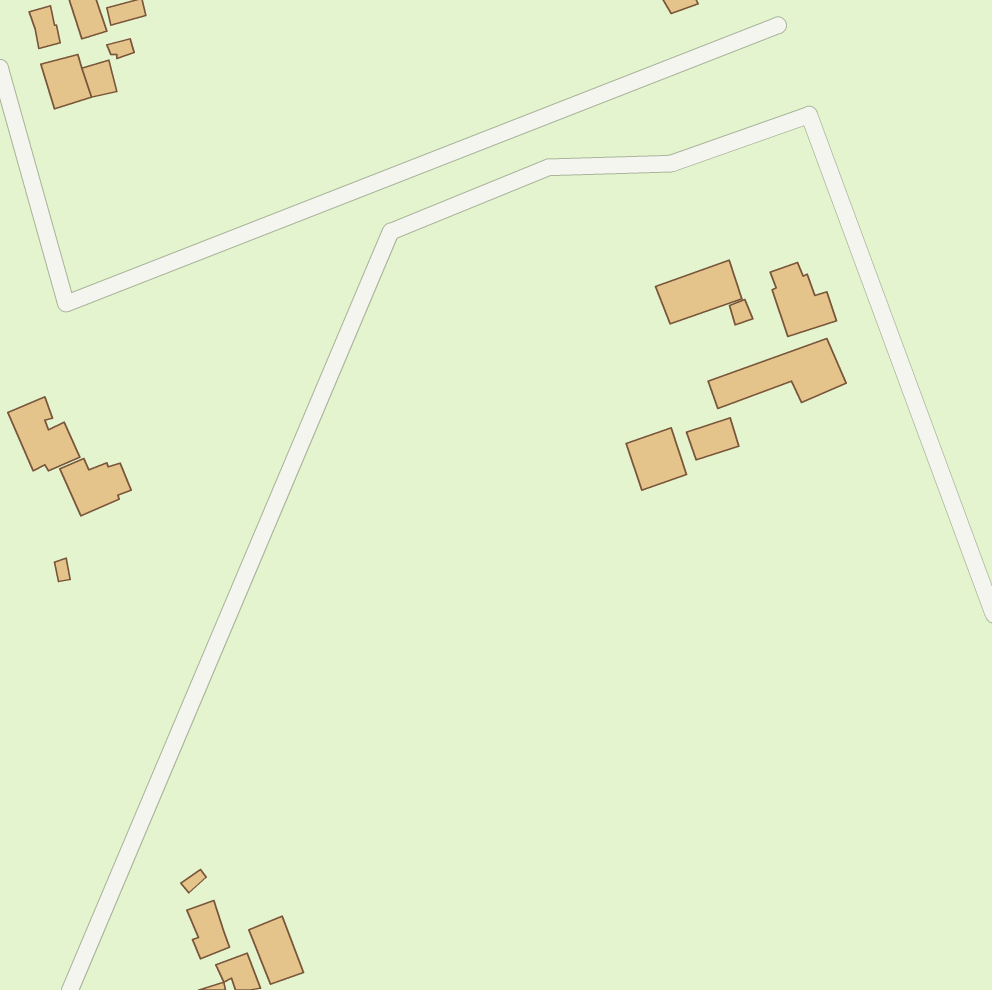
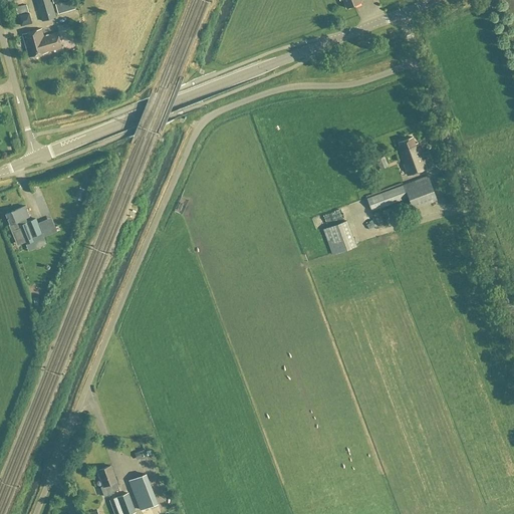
building: [656,260,742,324] -> none
building: [686,418,739,460] -> none
building: [60,459,131,516] -> none

